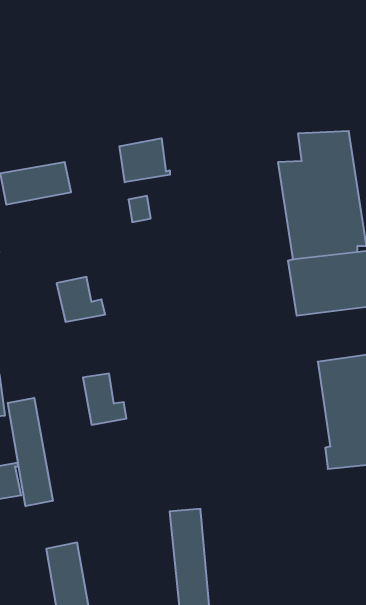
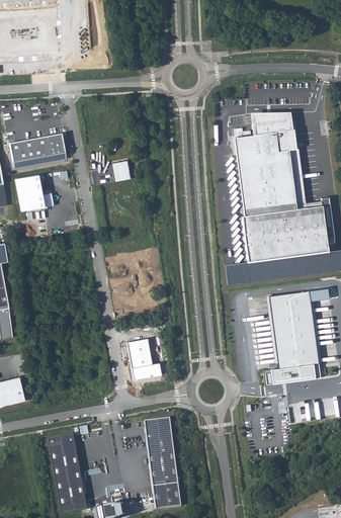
building: [119,138,170,182] -> none
building: [57,277,105,322] -> [15,175,55,211]
building: [83,374,126,425] -> [126,340,162,381]
building: [8,398,53,506] -> none

